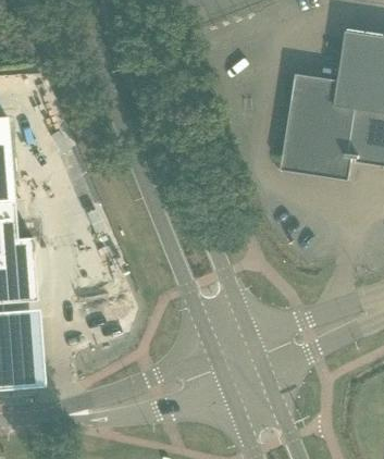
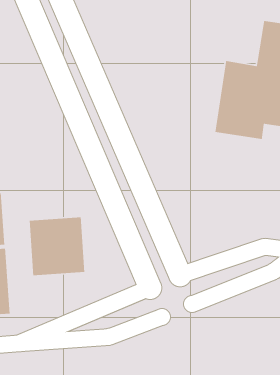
building: none -> [29,216,85,276]

